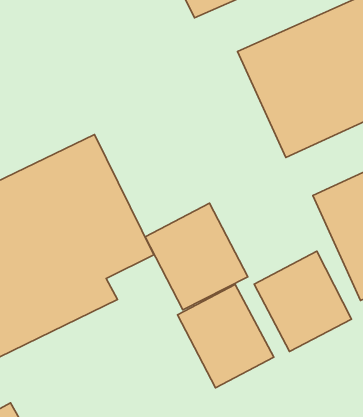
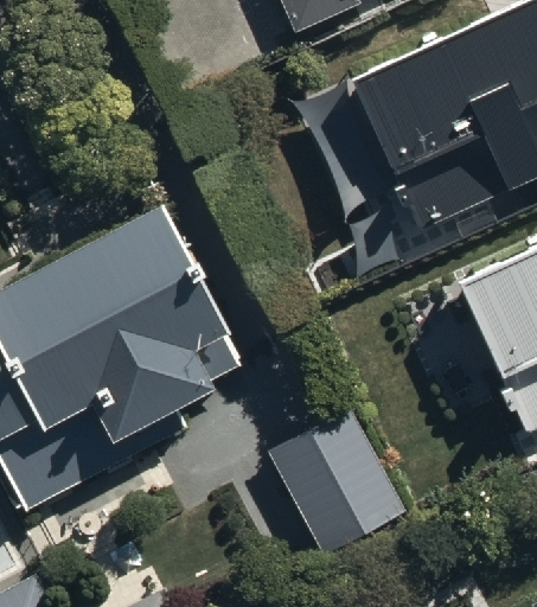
building: [145,203,248,310] -> none
building: [254,251,351,351] -> none

